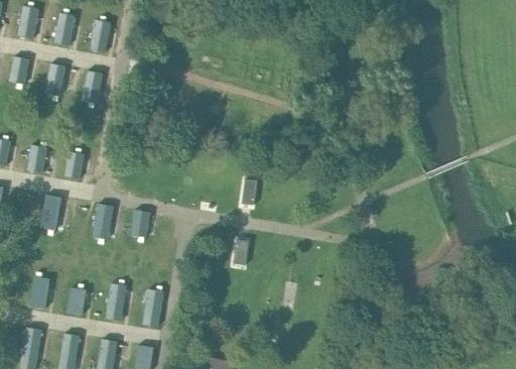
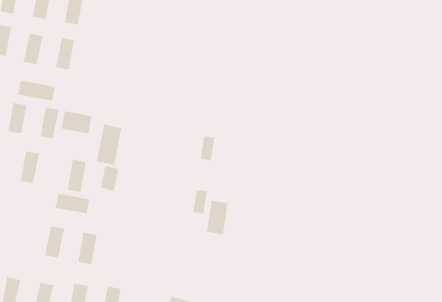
building: none -> [18,80,55,101]
building: none -> [61,110,92,134]
building: none -> [96,124,122,166]
building: none -> [55,193,90,214]
building: none -> [207,200,228,235]
building: [31,273,53,309] -> none
building: [140,292,162,329] -> none

